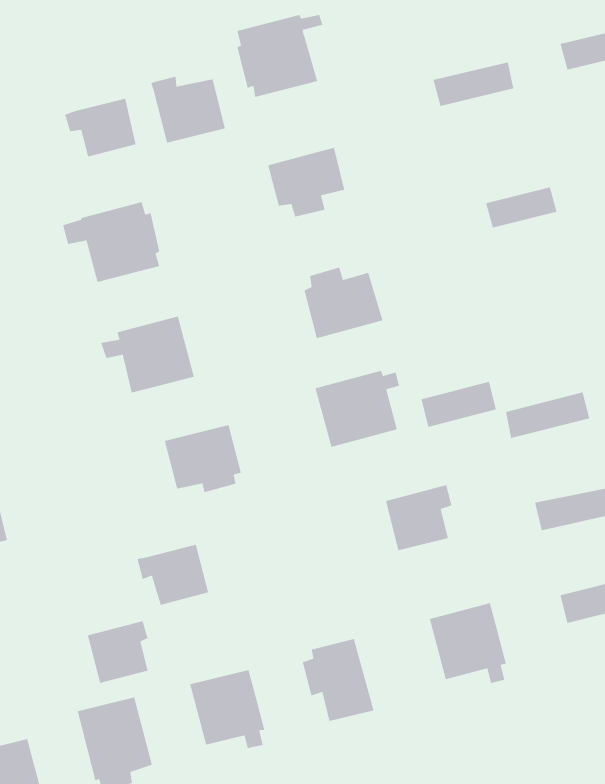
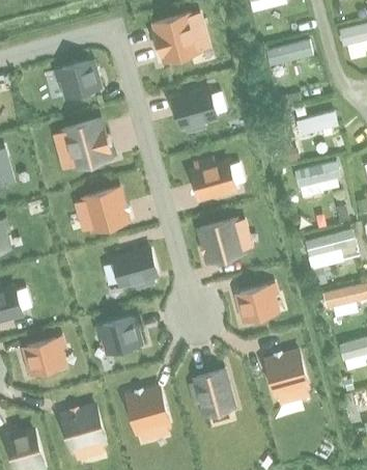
building: [150,76,226,144] -> none
building: [421,381,497,428] -> [295,162,339,189]
building: [87,620,148,684] -> [27,336,62,372]

